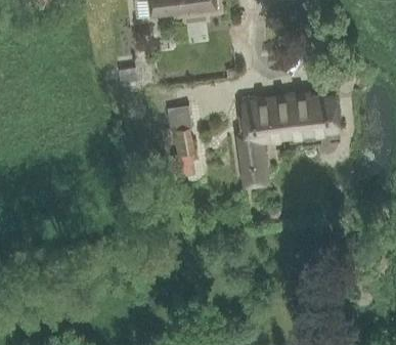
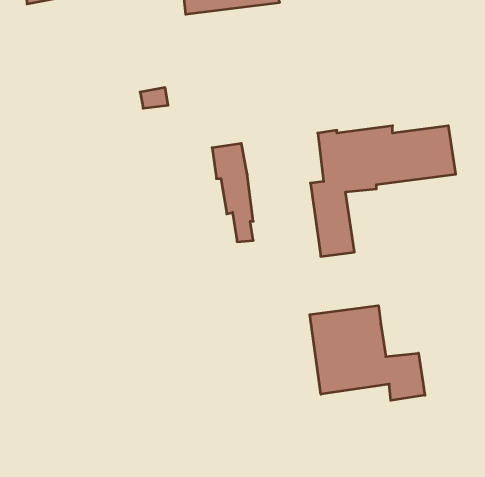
building: none -> [310,306,425,400]

